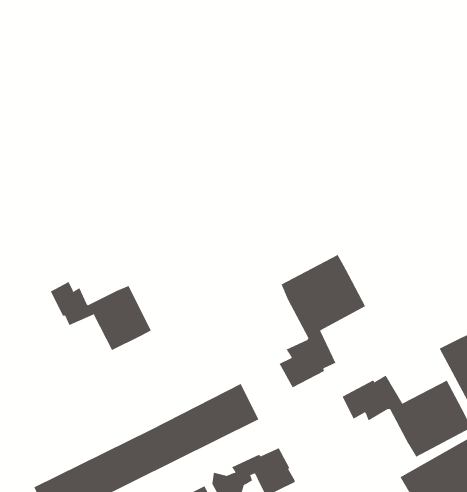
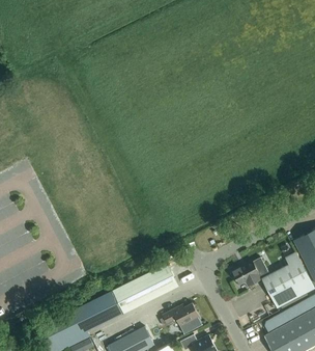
building: [279,254,366,388] -> none
building: [50,281,151,351] -> none

